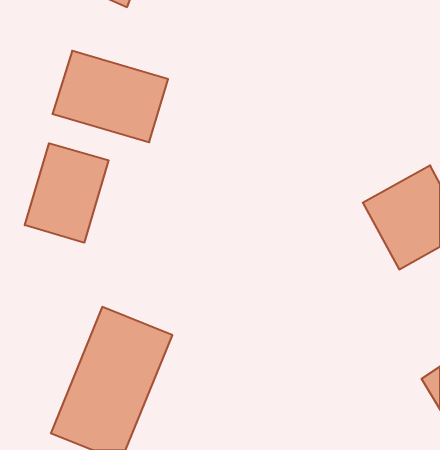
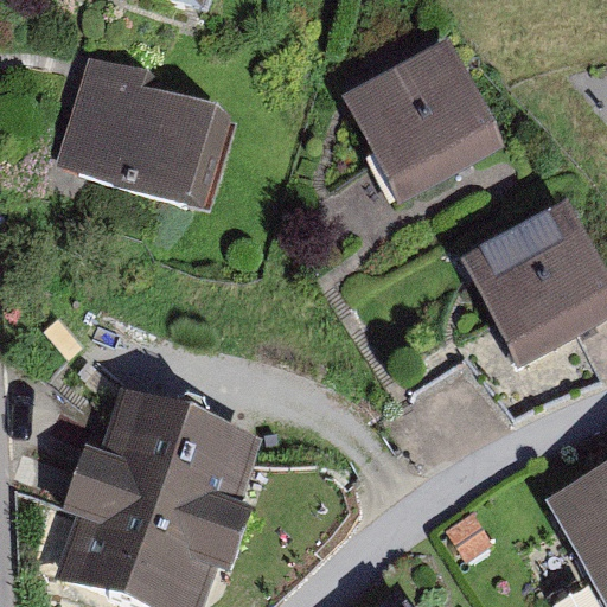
building: none -> [360,45,498,181]
building: [25,143,109,243] -> none

